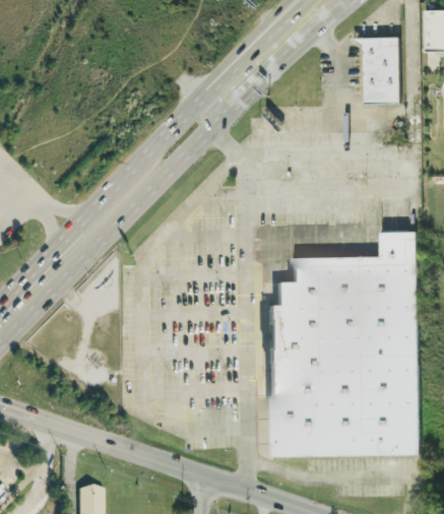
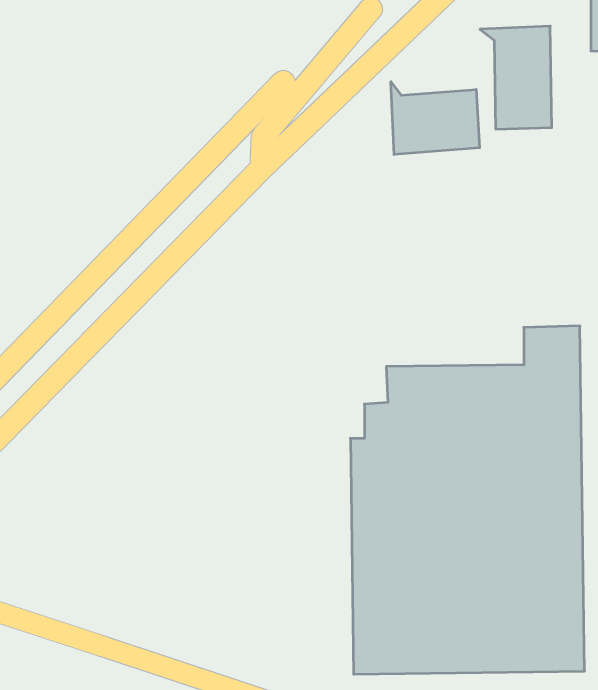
building: none -> [391,82,480,155]

